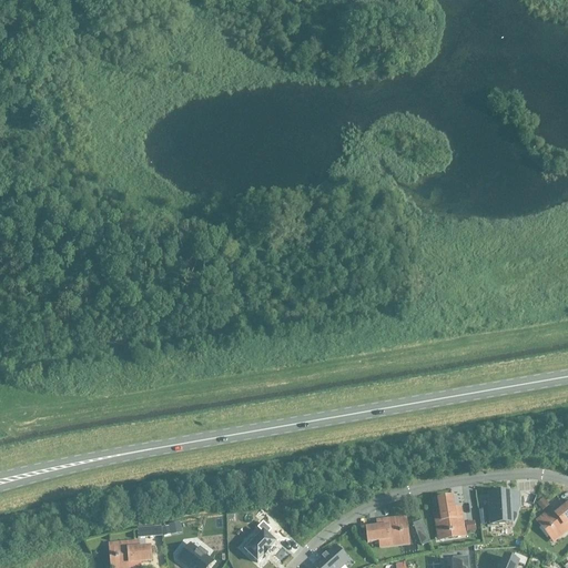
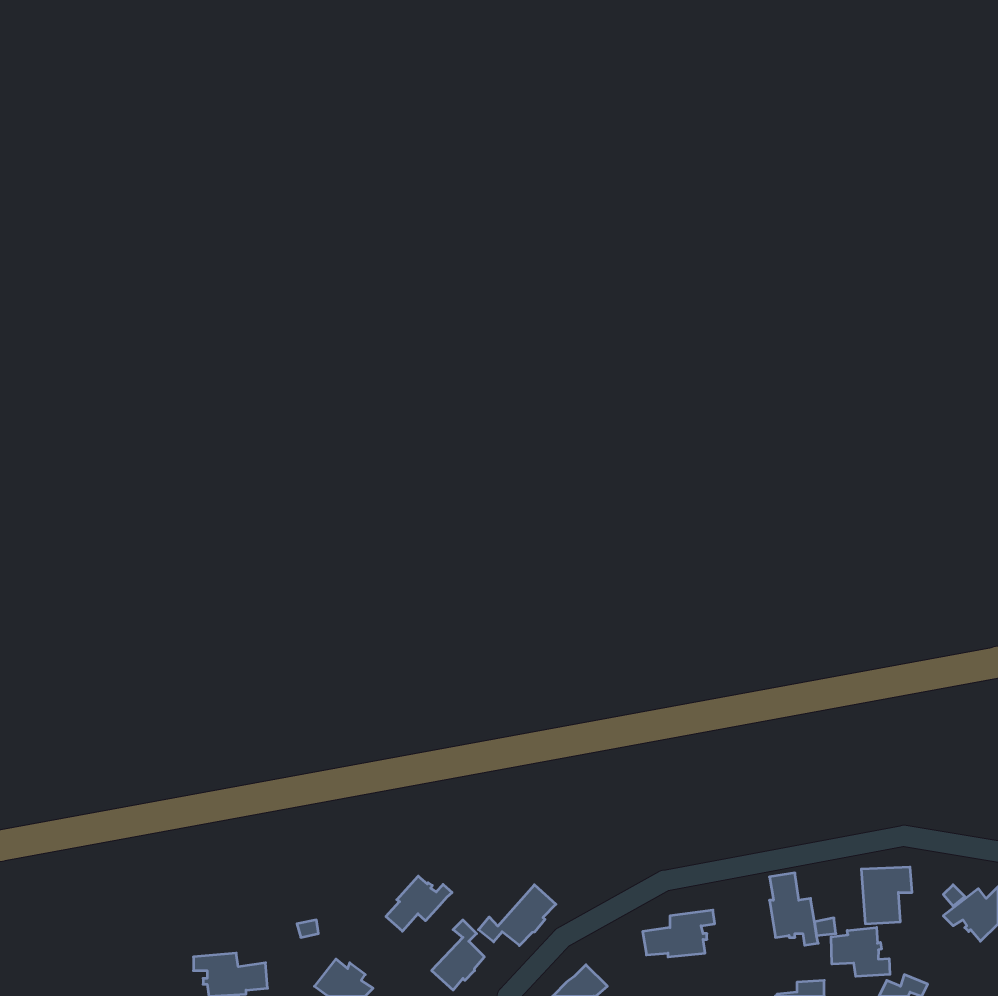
building: none -> [386,876,452,931]
building: none -> [478,885,556,946]
building: none -> [831,927,890,976]

